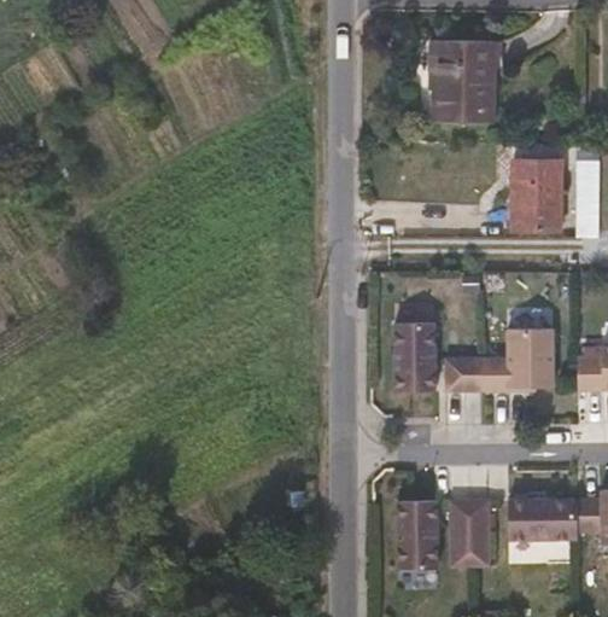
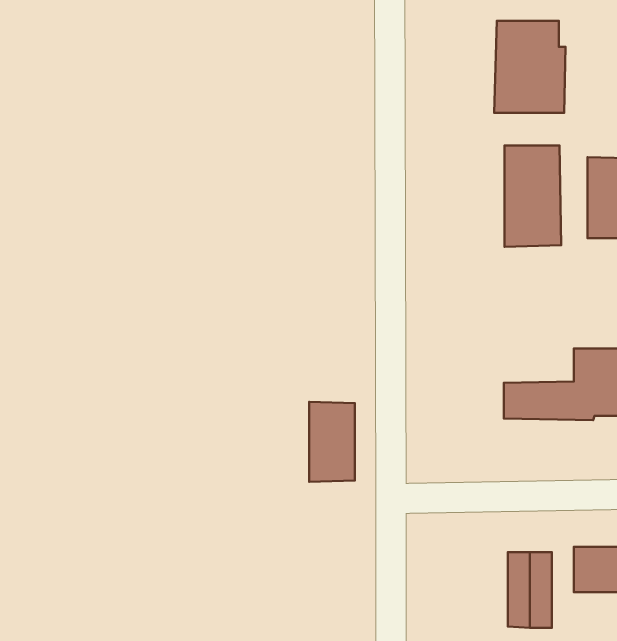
building: none -> [504,146,561,247]
building: [393,319,433,389] -> [309,402,355,482]
building: [394,504,435,574] -> none

